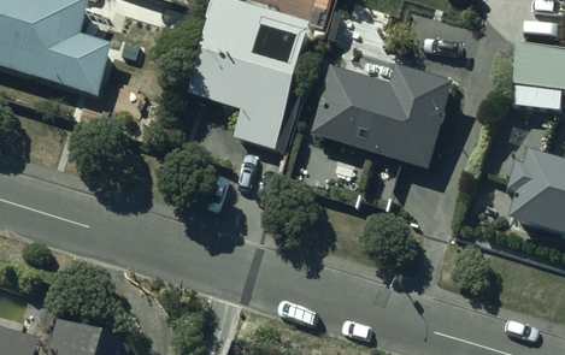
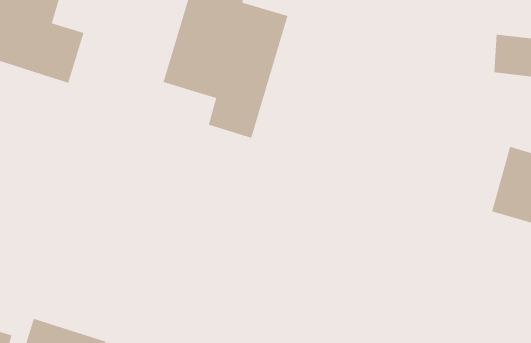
building: [310,64,454,167] -> none

